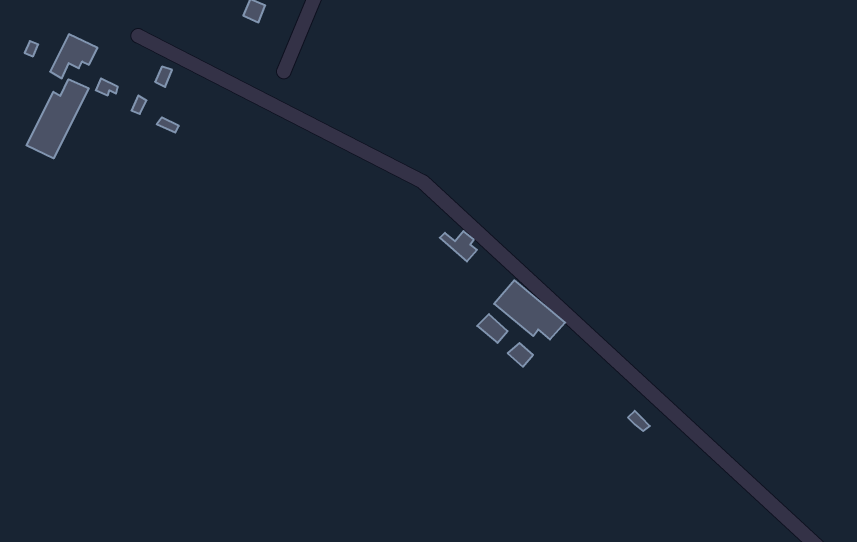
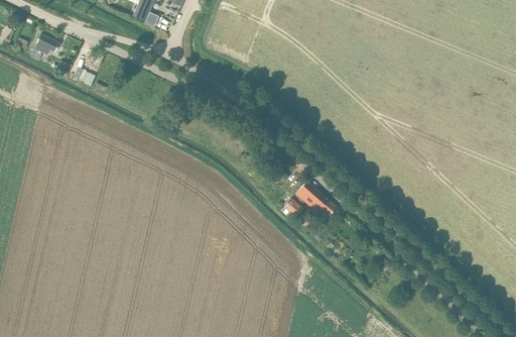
building: [26,79,89,158] -> none

